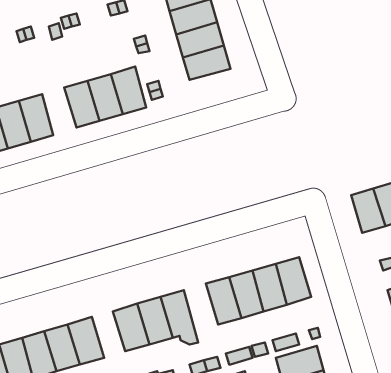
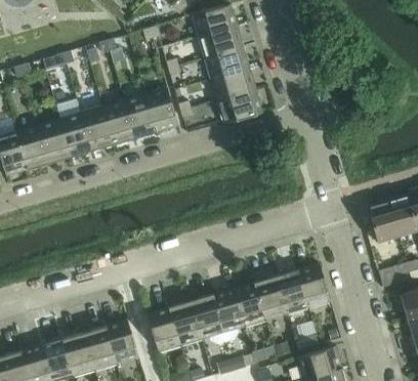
building: none -> [217,89,261,122]
building: none -> [81,107,113,151]
building: none -> [212,288,244,342]

